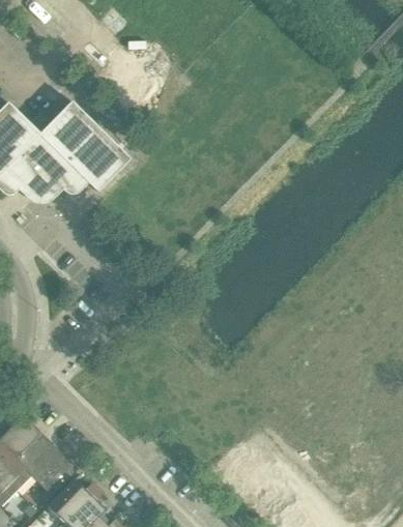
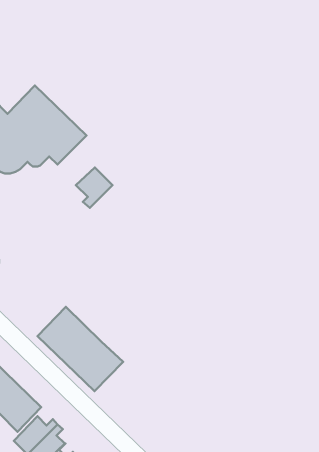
building: none -> [76,168,112,208]
building: none -> [38,307,123,391]

